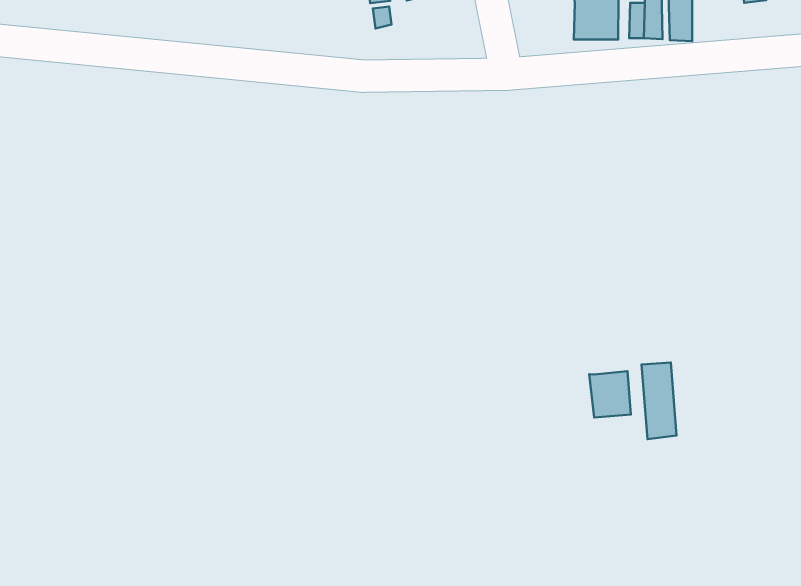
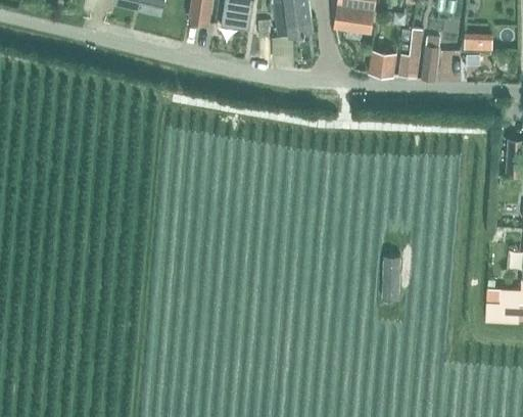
building: [589,371,631,418] -> none

